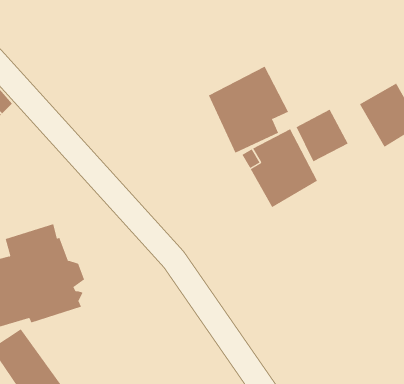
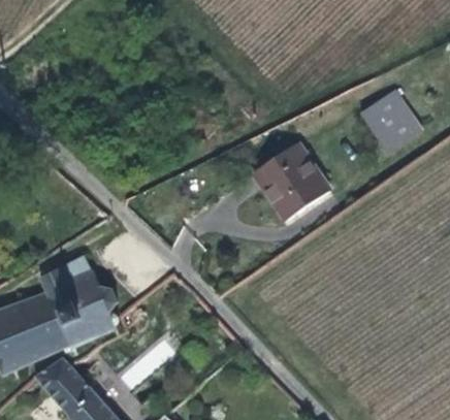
building: [208,66,289,153] -> none
building: [296,109,348,162] -> none

